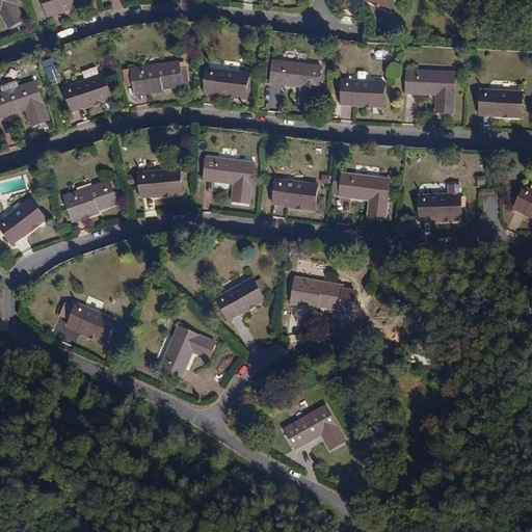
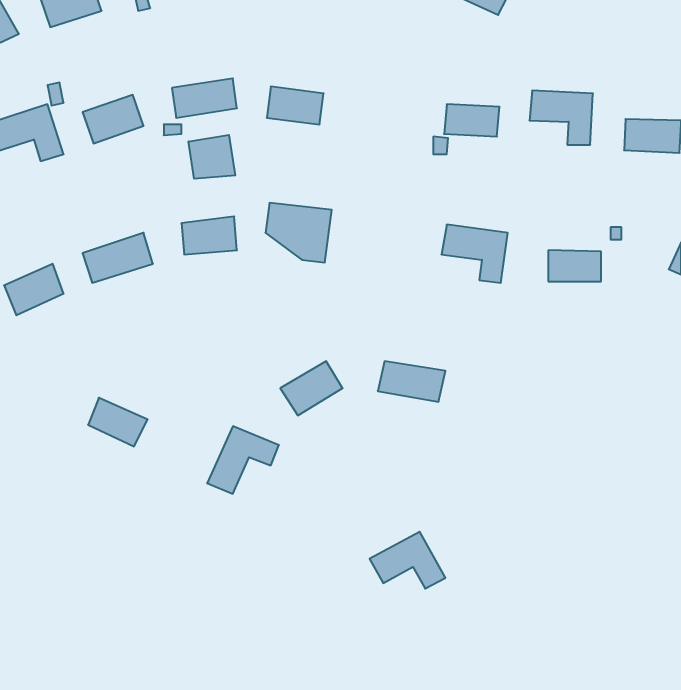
building: [272,58,321,104] -> none
building: none -> [189,135,235,179]
building: [272,177,318,207] -> none

